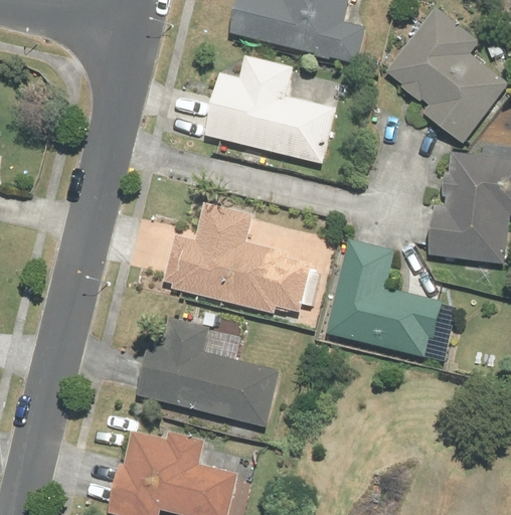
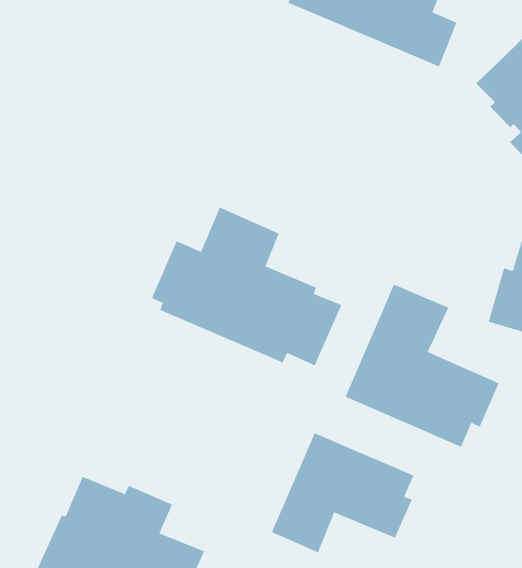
building: [204,55,337,164] -> none
building: [136,317,280,427] -> none
building: none -> [271,433,414,553]

